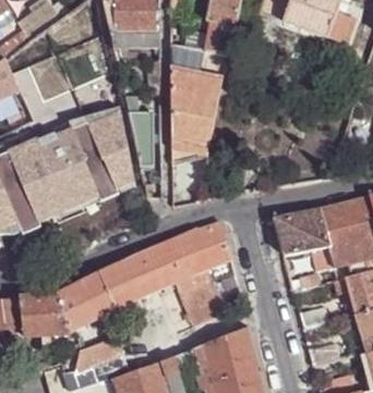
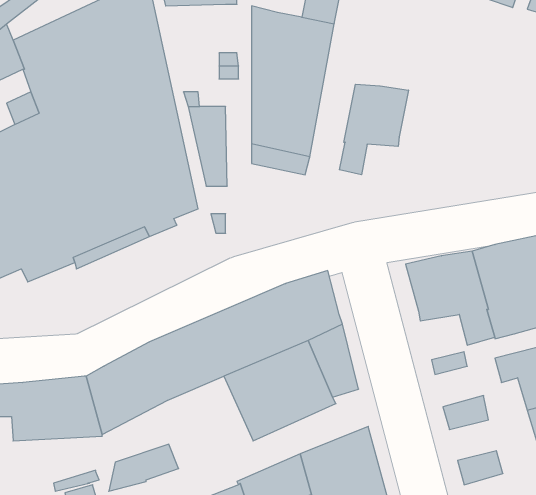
building: none -> [339,84,408,175]

